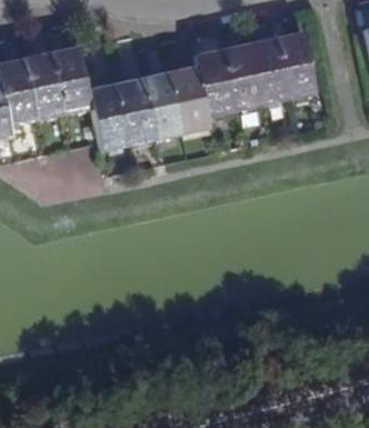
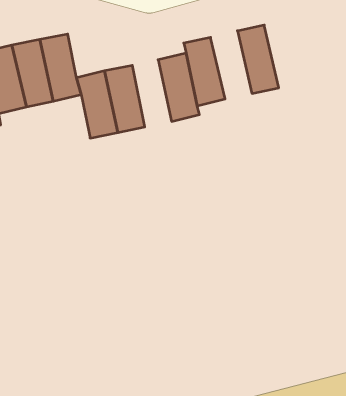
building: [275,30,317,99] -> none
building: [221,42,262,110] -> none
building: [143,71,182,138] -> none

